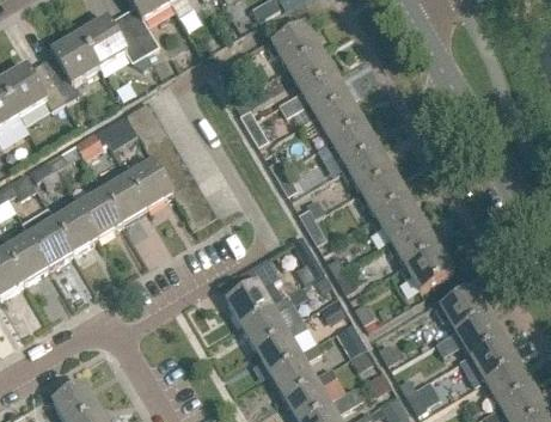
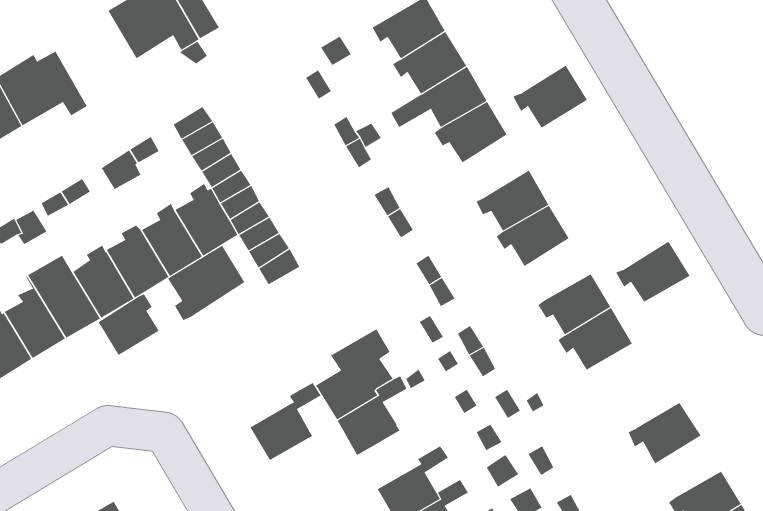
building: [42,32,99,100] -> none
building: [326,121,380,166] -> [513,65,588,128]
building: [371,195,424,239] -> [615,241,691,303]
building: none -> [167,245,245,321]
building: none -> [98,293,160,356]
building: [435,286,488,331] -> none
building: [257,318,308,374] -> [249,382,321,461]
building: [465,336,518,380] -> none

